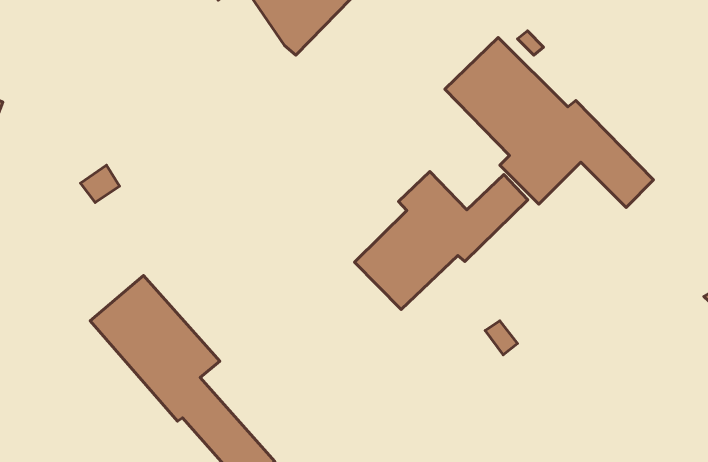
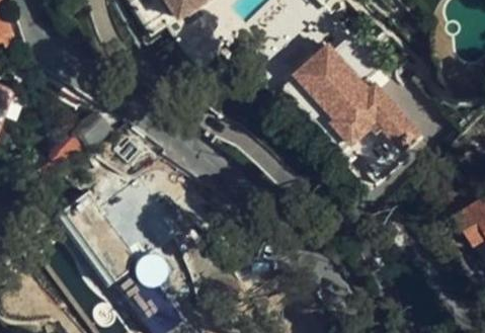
building: [354,171,528,310] -> none

